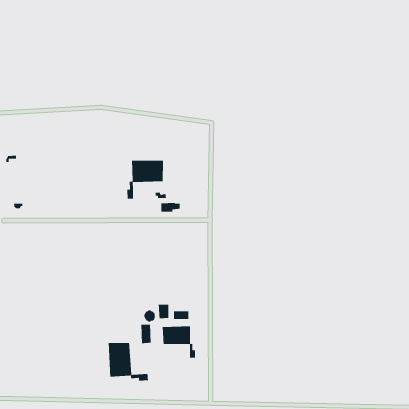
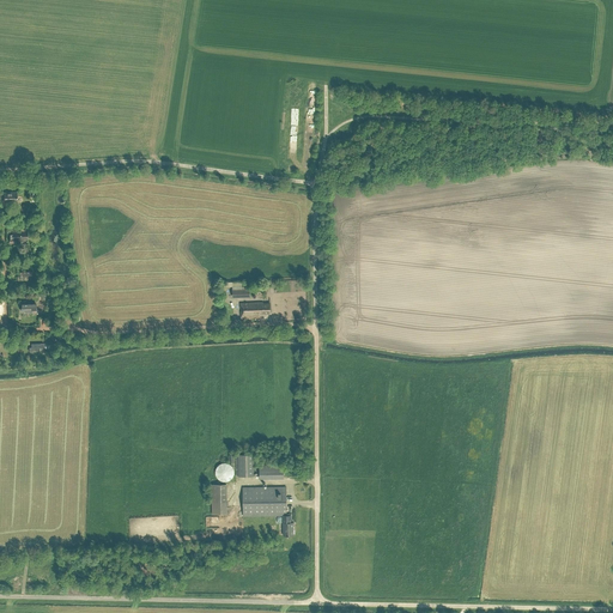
building: [126,160,164,199] -> none
building: [108,342,149,381] -> none

